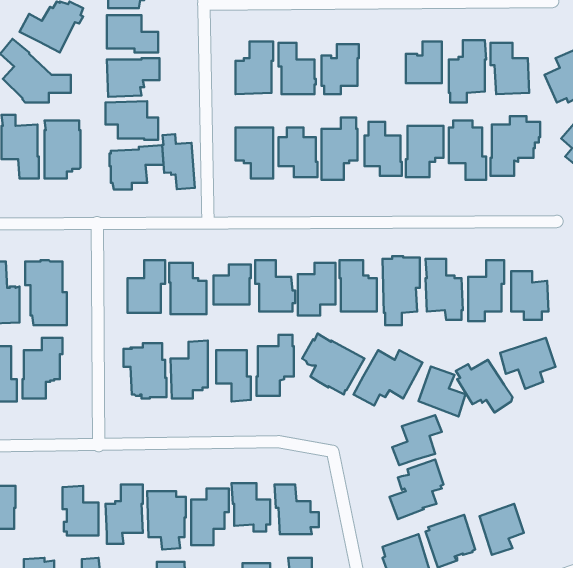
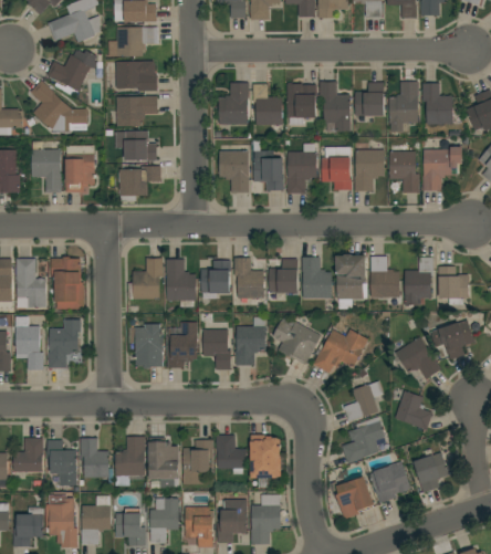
building: none -> [320,81,351,130]
building: [162,134,195,189] -> none
building: [418,367,465,416] -> [395,389,432,429]
building: none -> [48,439,76,481]

